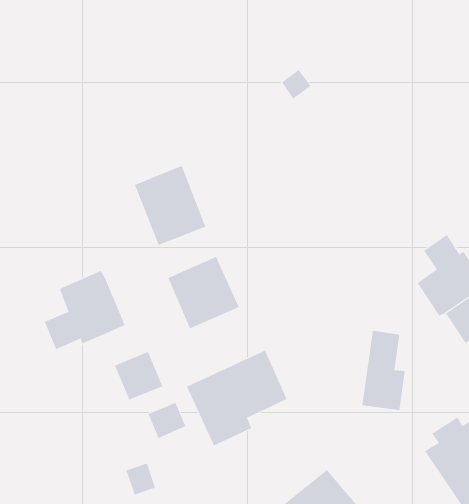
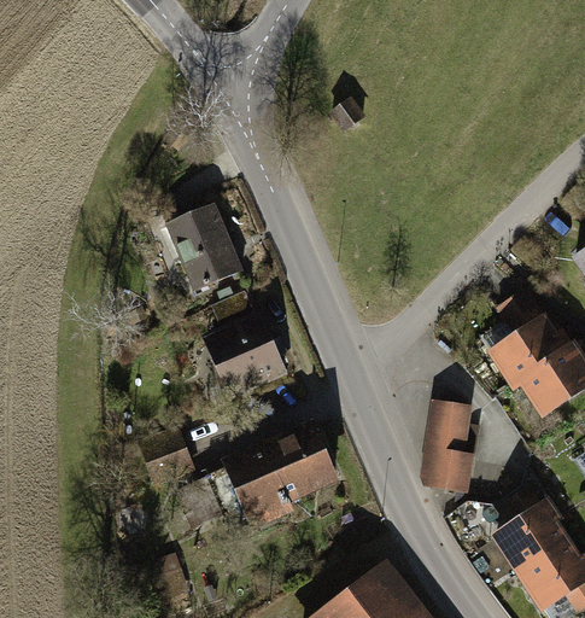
building: [44,270,126,350] -> none

